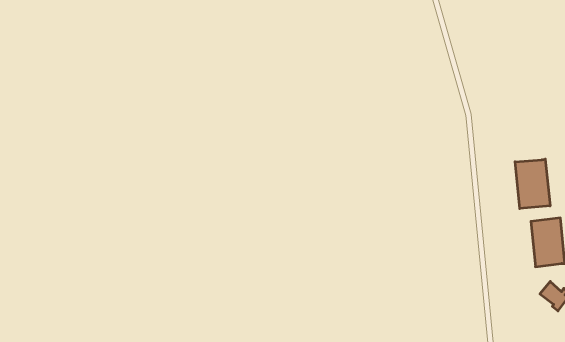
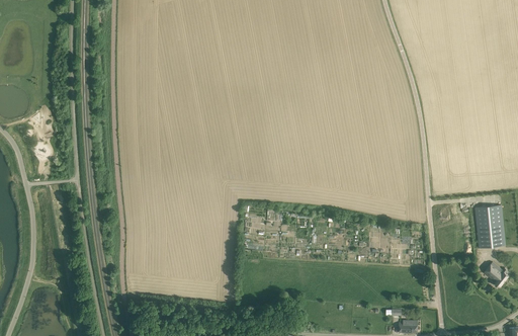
building: [515,159,550,209] -> none

